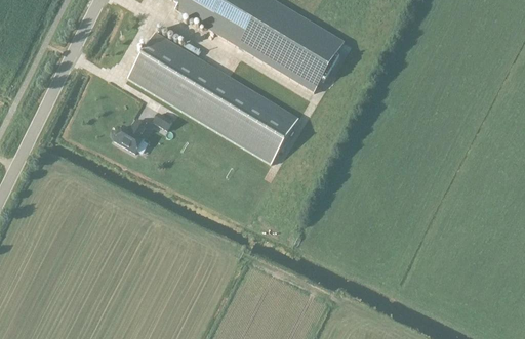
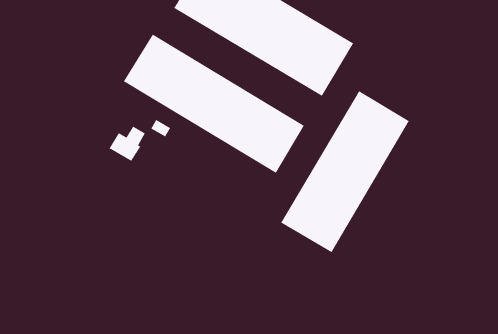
building: none -> [280,90,410,253]

